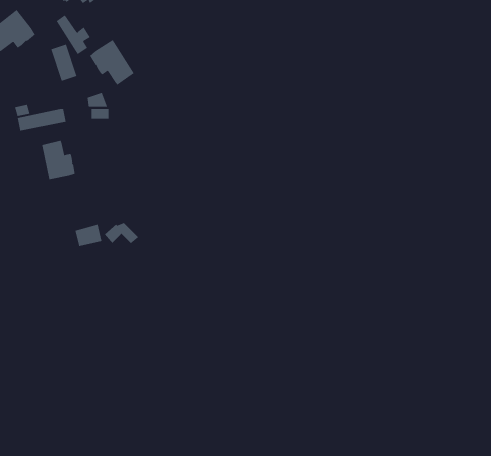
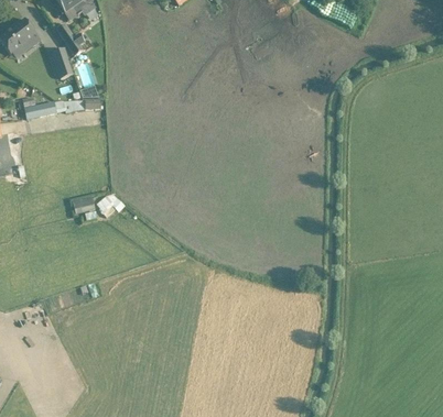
building: [89,39,135,85] -> none
building: [42,140,75,180] -> none

